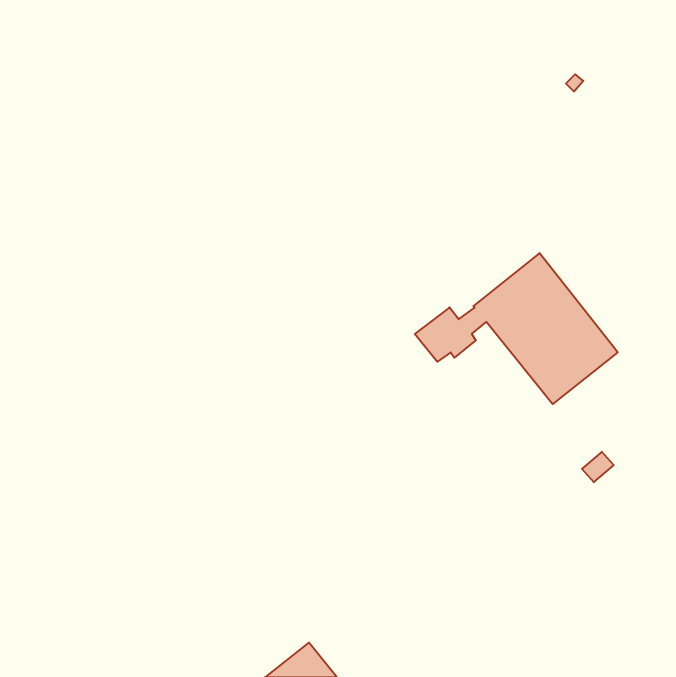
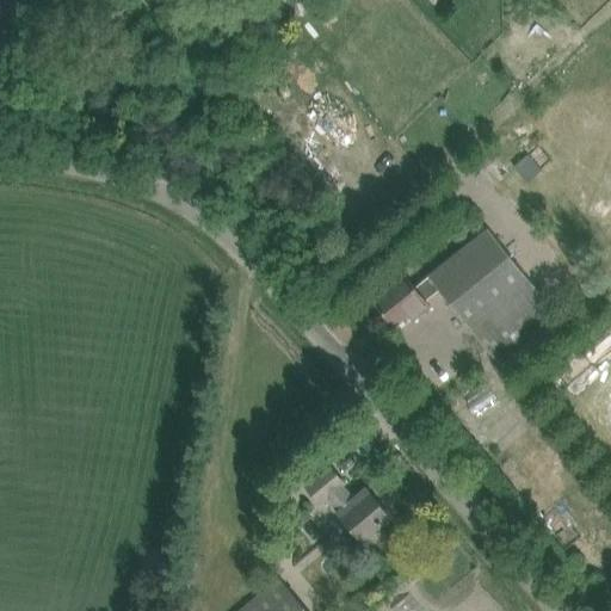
building: none -> [306,467,389,541]

